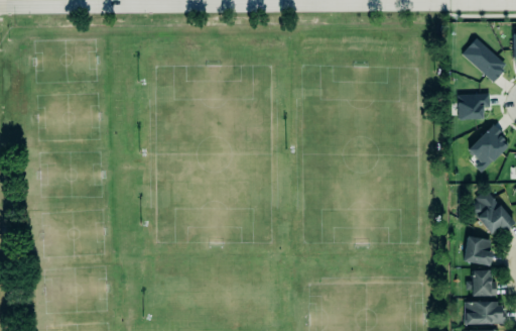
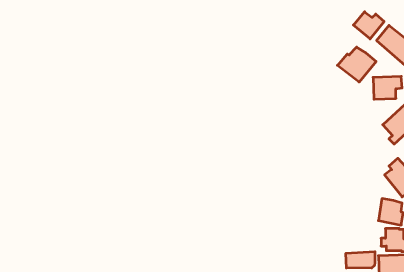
building: none -> [353,12,384,39]
building: none -> [337,47,376,82]
building: none -> [346,252,375,268]

